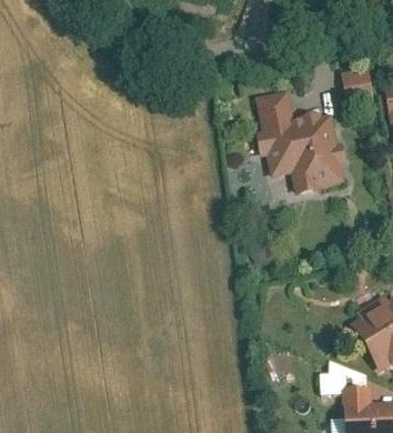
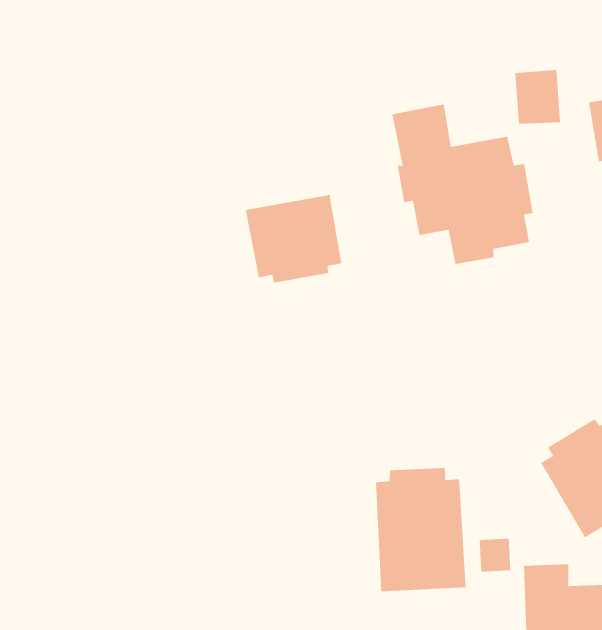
building: none -> [245,194,342,283]
building: none -> [375,467,466,592]

